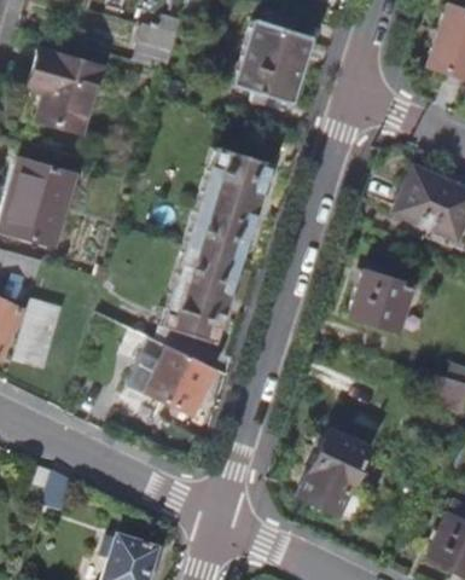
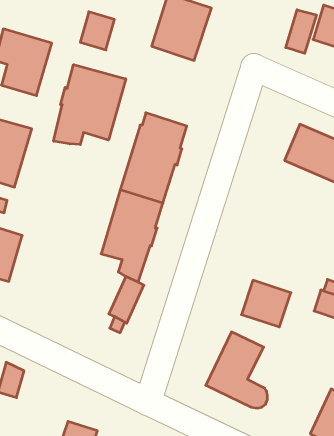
building: none -> [286,10,316,53]
building: none -> [54,65,126,145]
building: [348,271,411,330] -> [241,280,291,327]
building: [123,335,193,406] -> none

